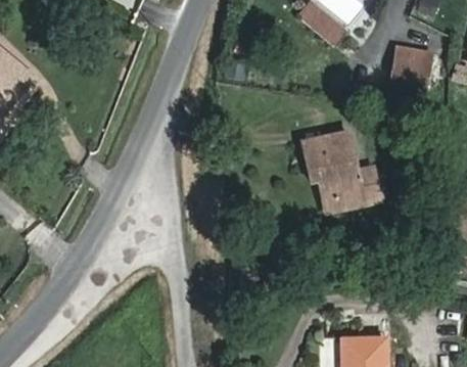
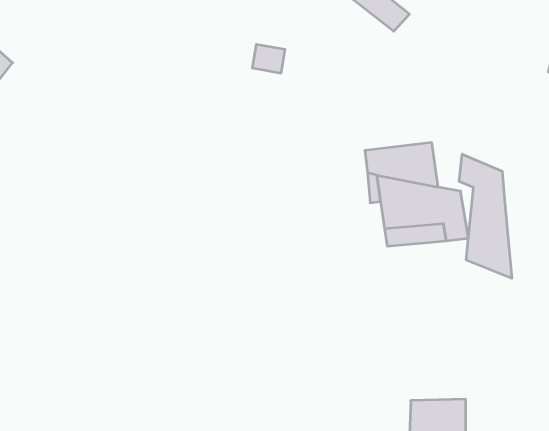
building: [387,44,427,93] -> none
building: none -> [459,154,512,278]

